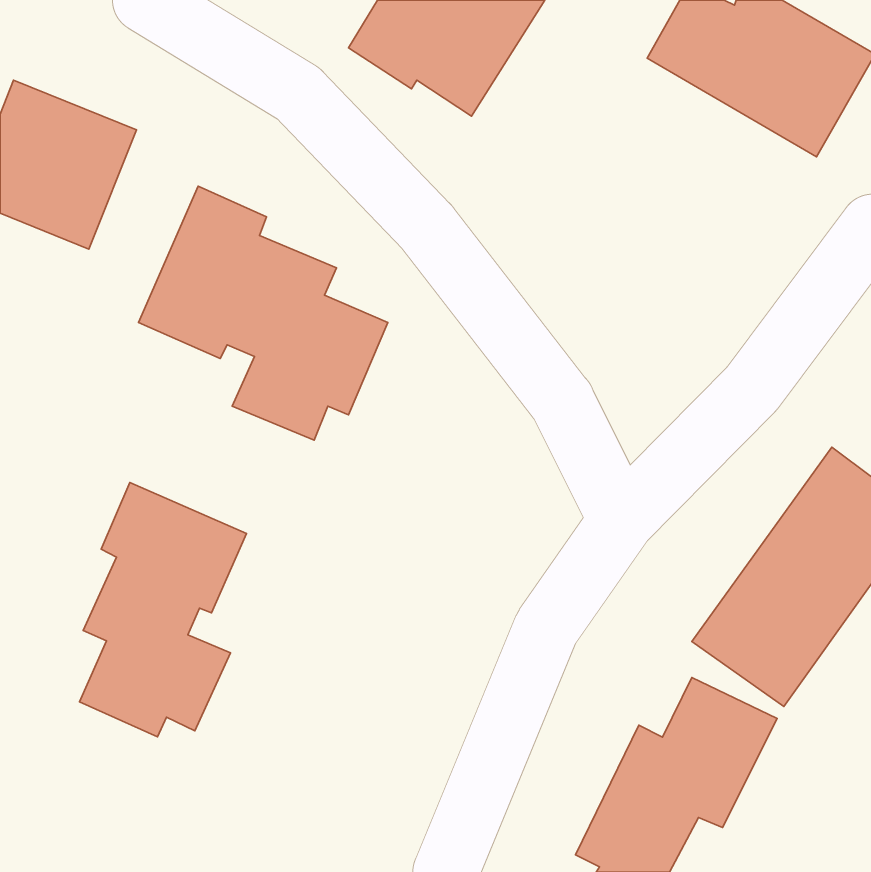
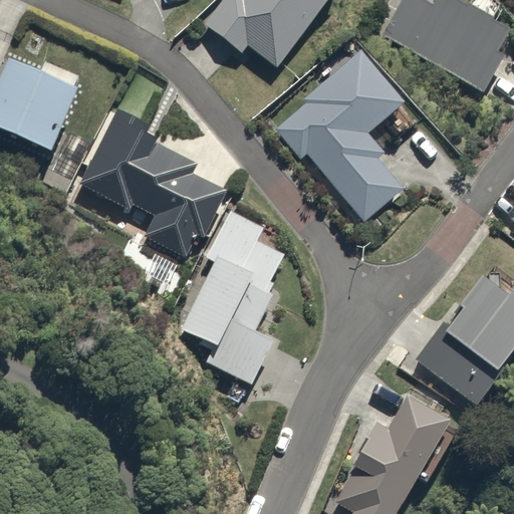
building: none -> [276,49,406,216]
building: none -> [179,205,287,386]
building: [80,482,246,737] -> none

